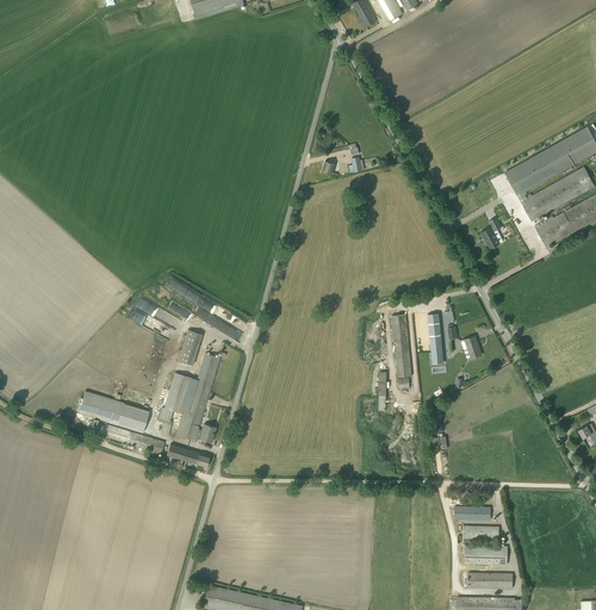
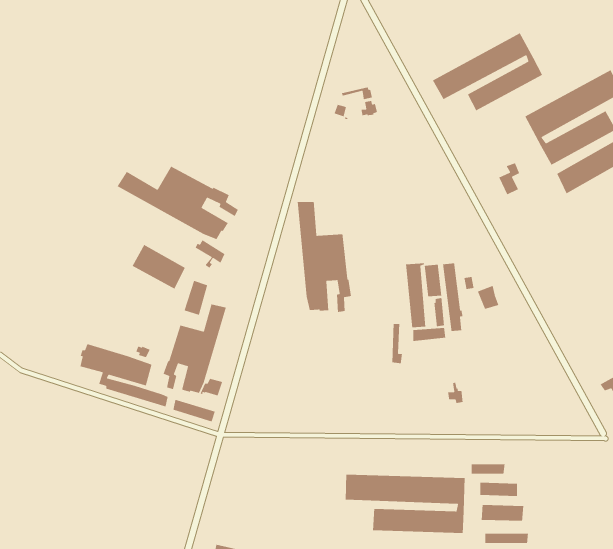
building: none -> [432,32,543,111]
building: none -> [116,165,239,240]
building: none -> [297,201,352,313]
building: none -> [345,474,466,534]

